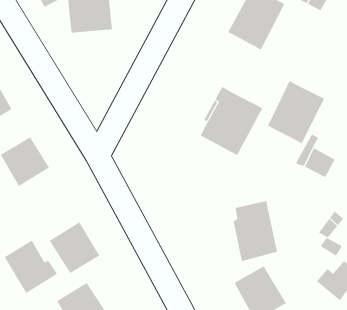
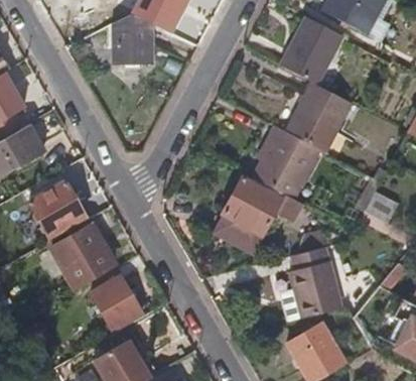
building: [267,80,325,144] -> [288,81,352,151]
building: none -> [214,179,302,255]
building: [4,240,58,294] -> [56,223,116,282]

